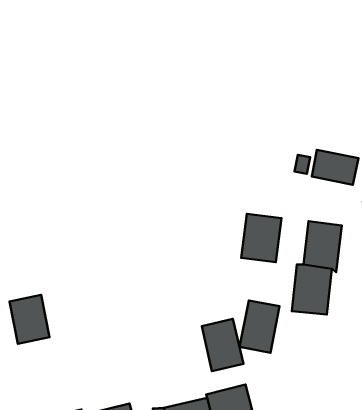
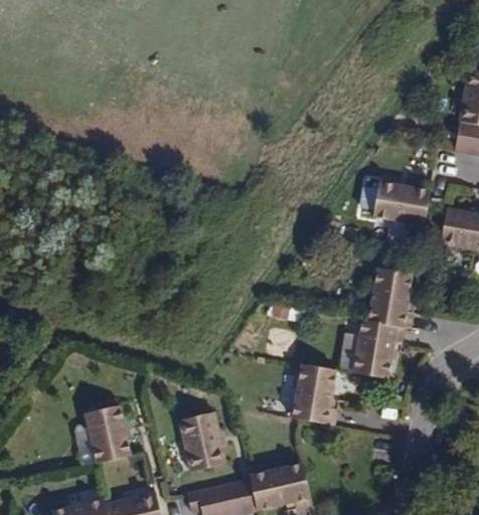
building: [241,214,281,262] -> none
building: [10,295,50,344] -> [85,405,133,465]
building: [202,319,244,371] -> [177,411,227,475]

